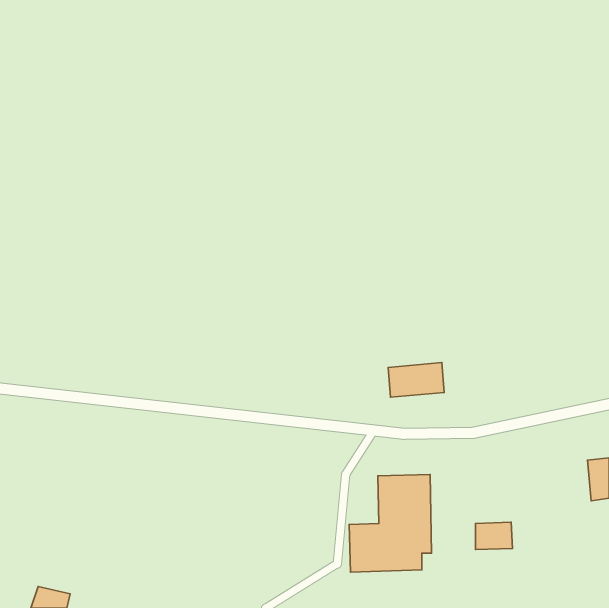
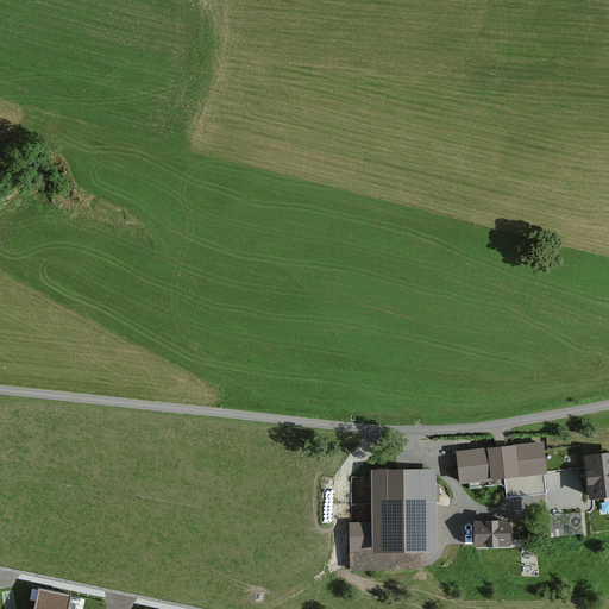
building: [388,363,444,397] -> [447,447,503,482]
building: none -> [513,442,576,502]

